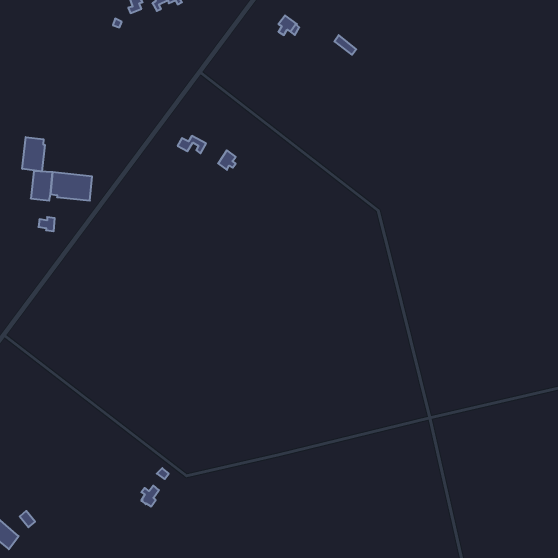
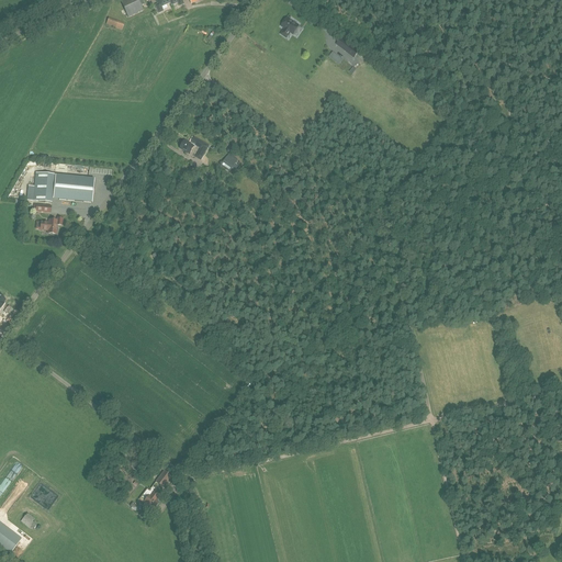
building: [22,137,45,171] -> none

